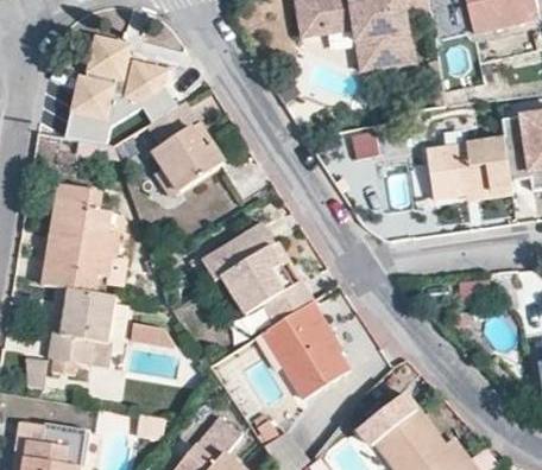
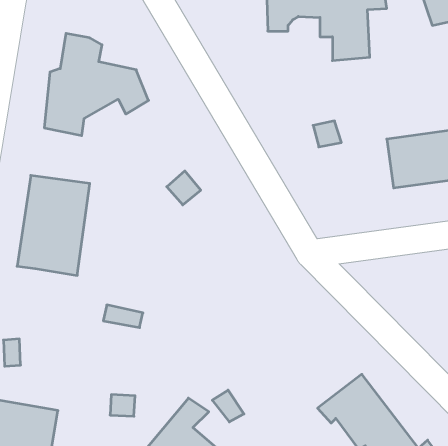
building: [146,104,221,189] -> none
building: [206,226,347,399] -> none
building: [49,284,115,371] -> none

